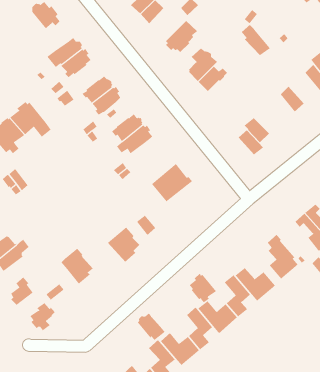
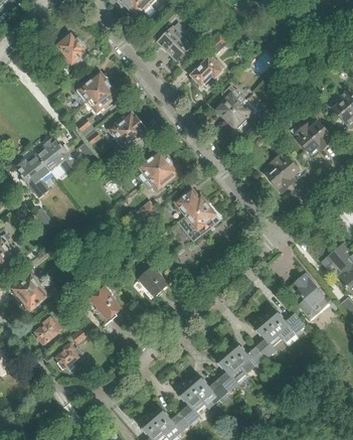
building: [241,24,274,56] -> [291,122,324,154]
building: none -> [176,190,204,223]
building: [189,273,217,303] -> none
building: [137,313,166,341] -> none

